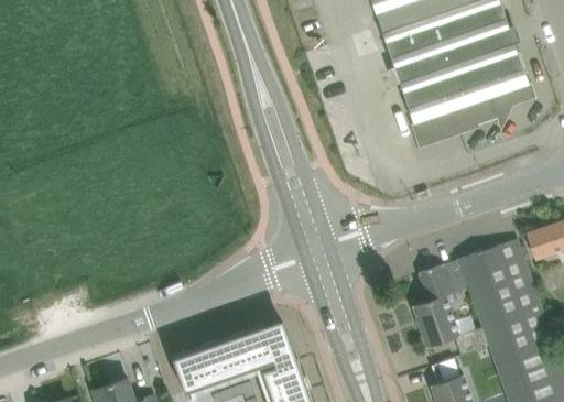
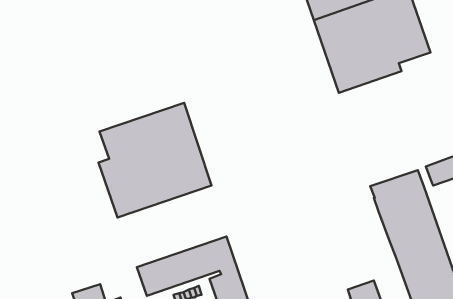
building: none -> [99,103,211,217]
building: [413,260,490,356] -> none

